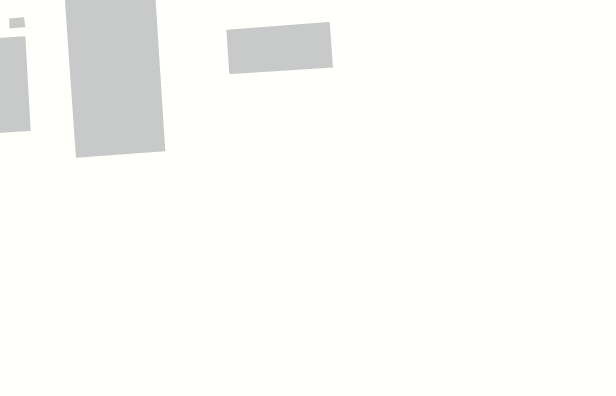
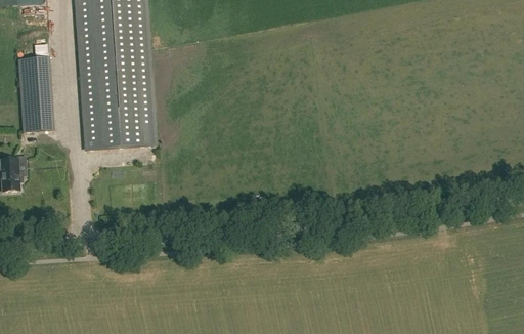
building: [226,21,333,75] -> none

